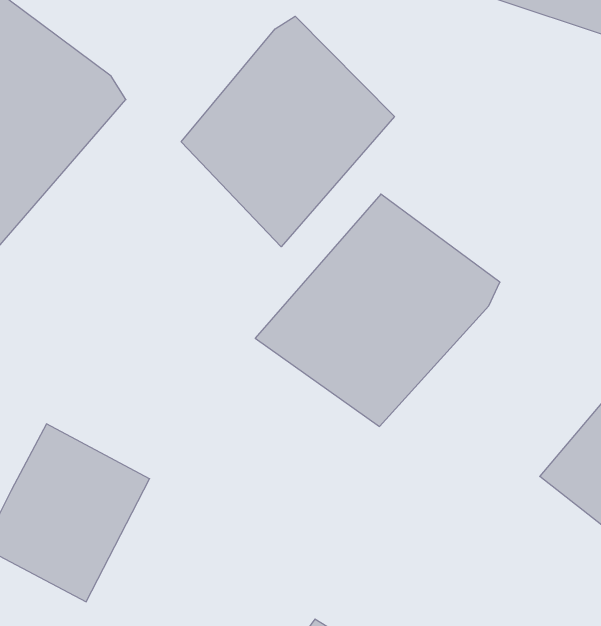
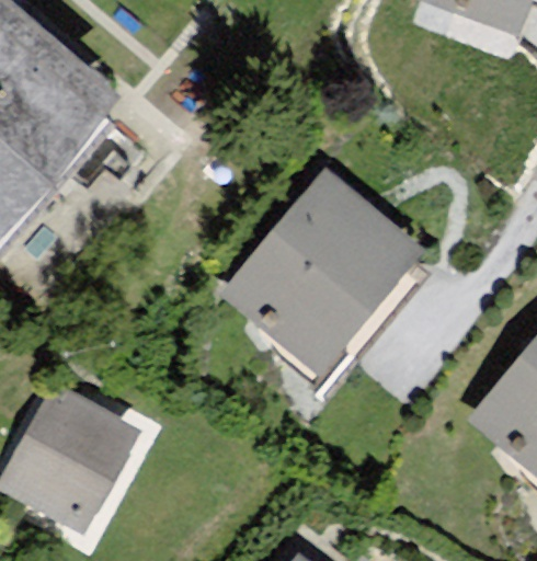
building: [181,16,394,247] -> none

